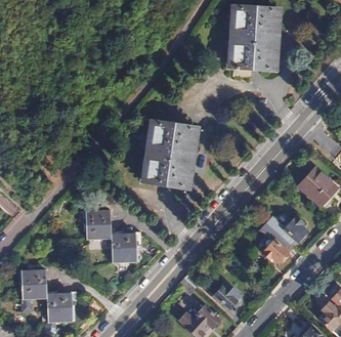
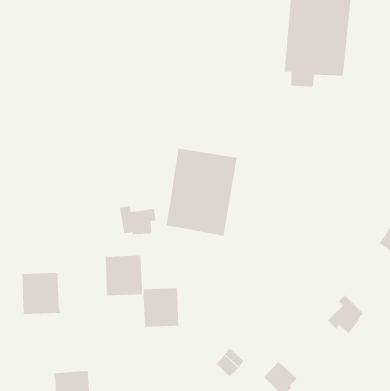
building: none -> [120,206,156,235]
building: [264,215,304,246] -> none
building: [26,265,55,297] -> [22,273,61,315]

